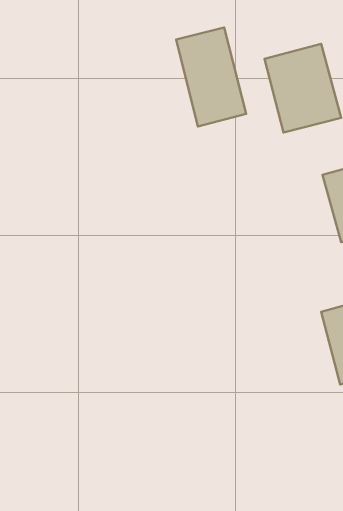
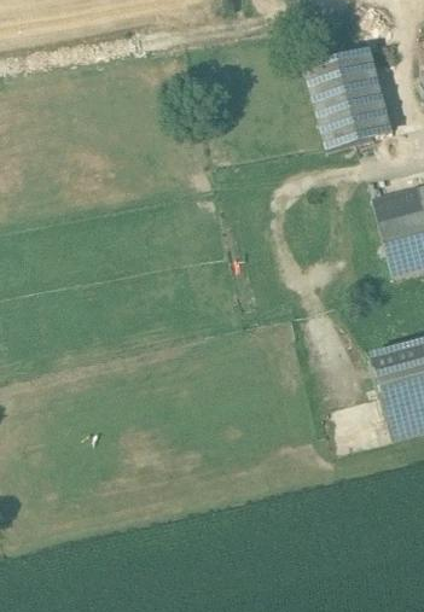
building: [176,27,246,127] -> none

